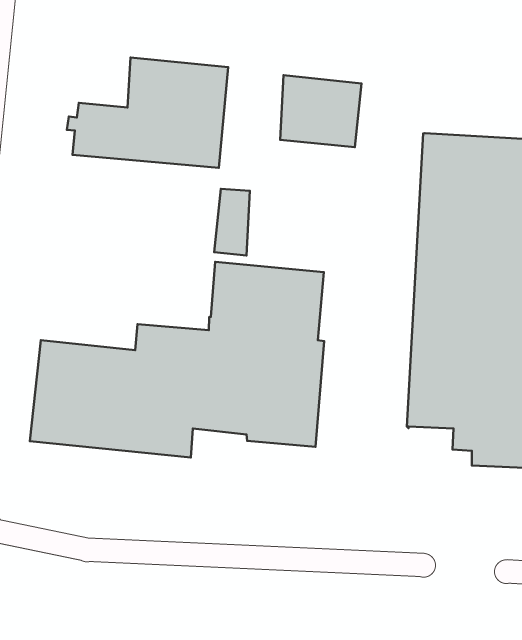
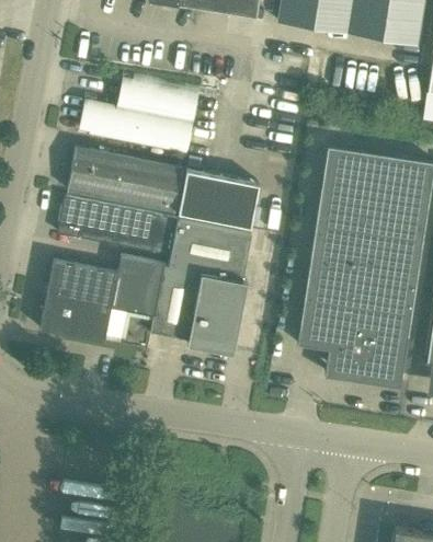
building: [280,75,362,147] -> [200,173,259,227]
building: none -> [67,148,183,211]
building: none -> [58,197,178,256]

